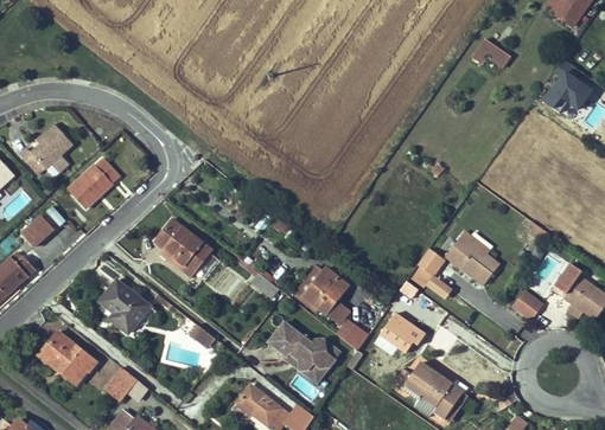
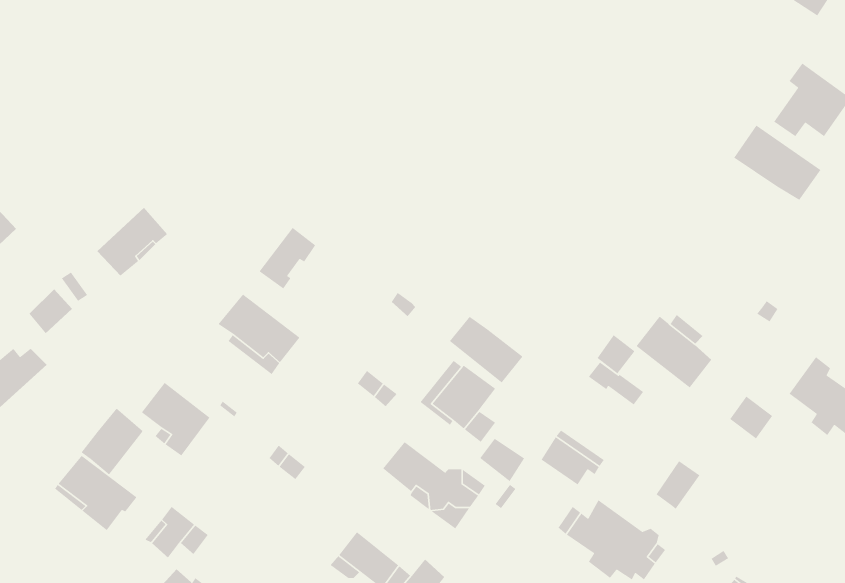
building: [473,39,511,68] -> none
building: none -> [733,125,822,201]
building: [20,123,72,174] -> none
building: none -> [258,227,316,290]
building: none -> [449,316,524,383]
building: none -> [81,407,144,475]
building: none -> [655,460,701,510]

